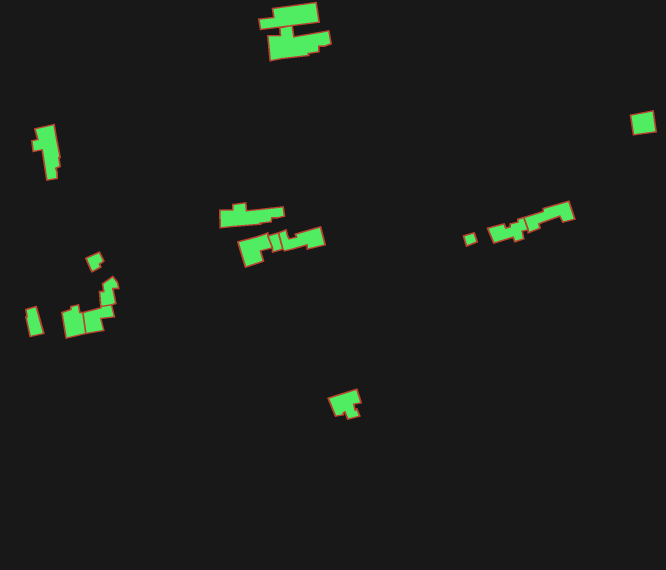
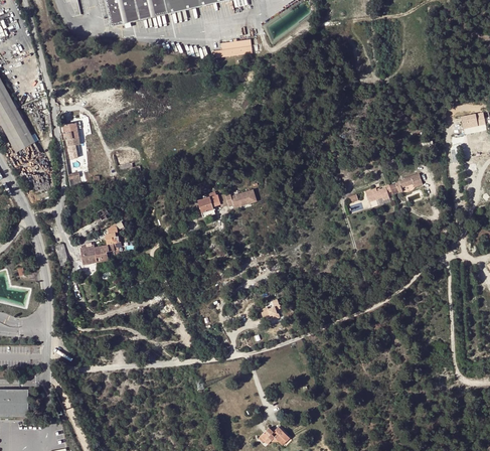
building: [268,25,331,61] -> none
building: [220,203,285,228] -> none

